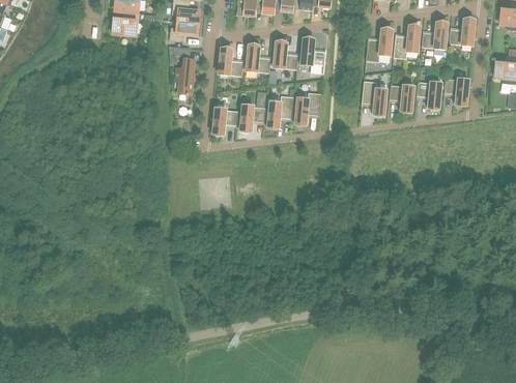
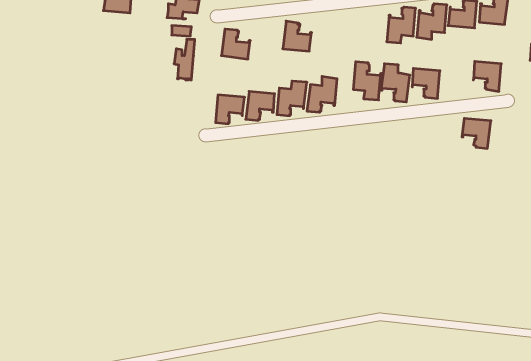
building: [300,39,325,73] -> [353,62,381,100]
building: [246,47,270,73] -> none
building: [415,82,441,109] -> [462,118,491,148]

